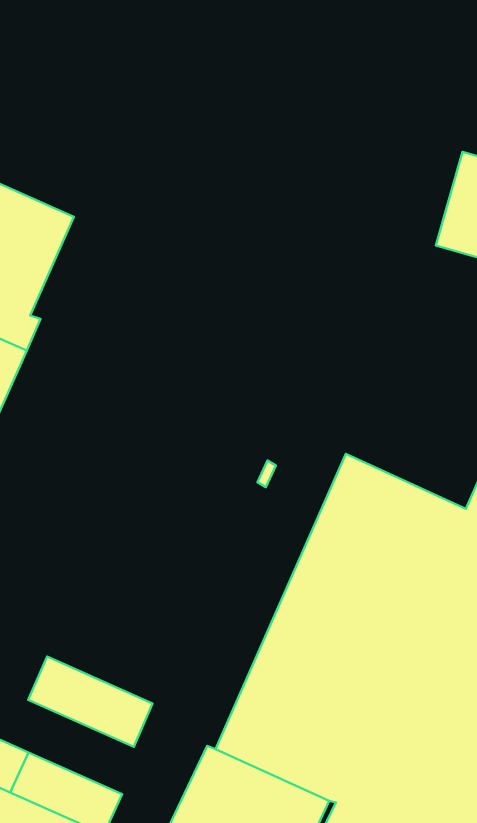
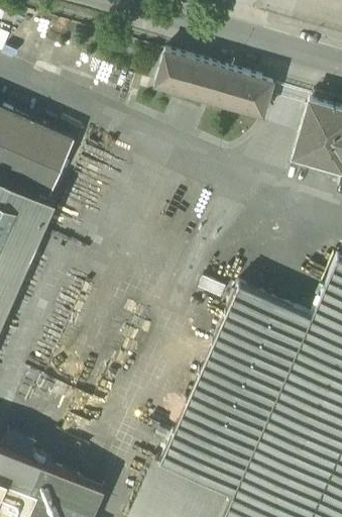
building: none -> [155,50,273,116]
building: [28,656,153,747] -> none

